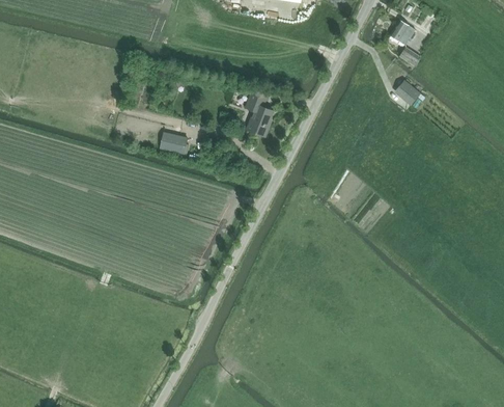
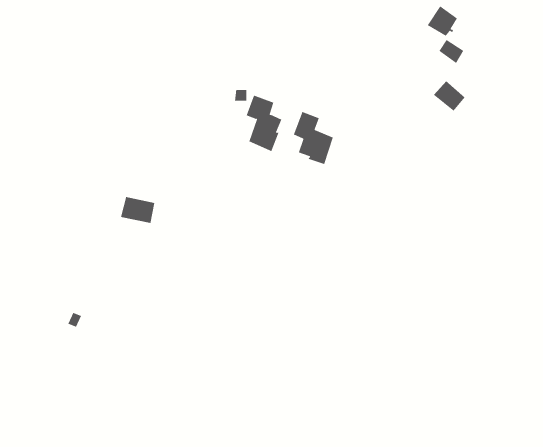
building: none -> [293,111,333,165]
building: [159,132,187,154] -> [120,196,155,224]

